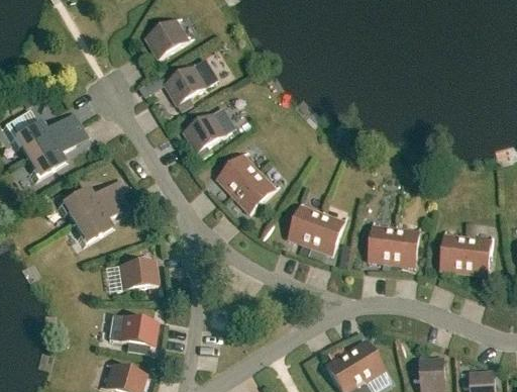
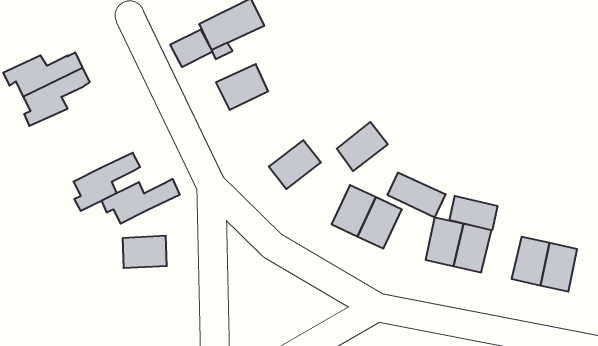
building: none -> [170,29,212,67]
building: [217,154,258,195] -> [337,122,388,171]
building: [57,182,120,222] -> [102,179,180,224]
building: none -> [388,172,446,218]
building: none -> [449,196,497,230]
building: [117,316,157,346] -> none

